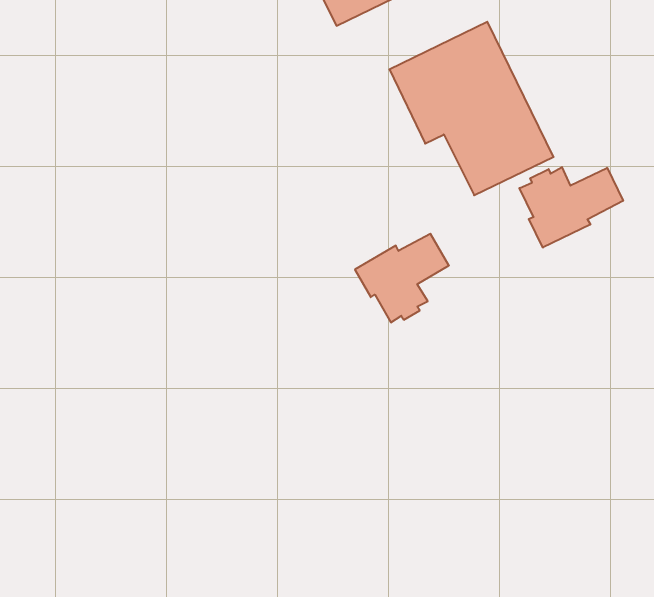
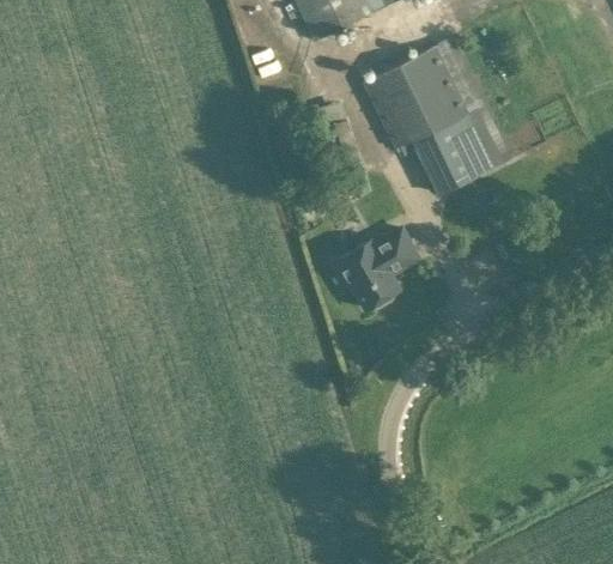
building: [519,167,623,248] -> none

